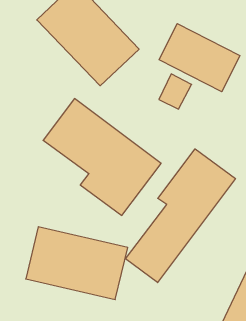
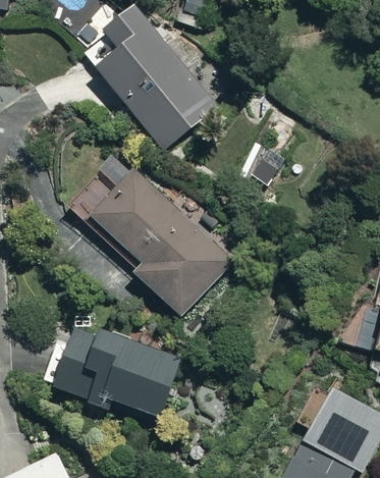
building: [159,24,240,92] -> none
building: [126,149,235,283] -> none

